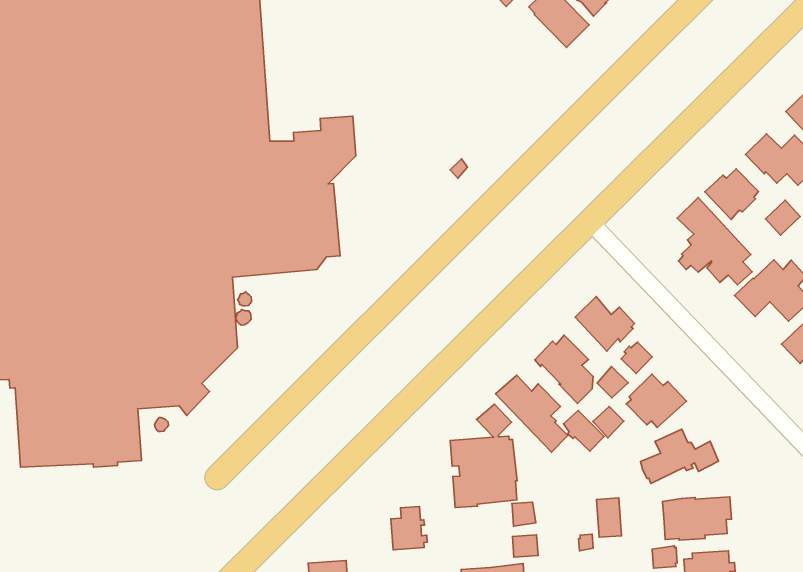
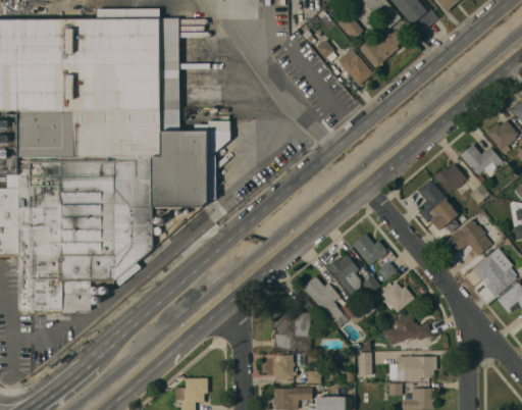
building: [391,506,427,550] -> [274,355,295,379]

